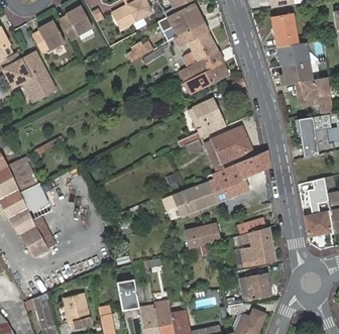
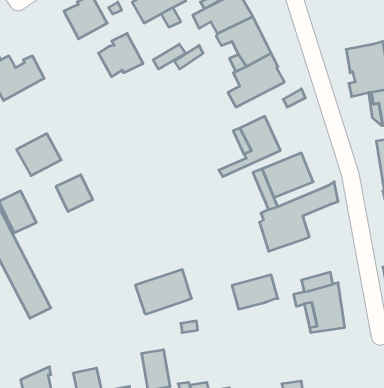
building: [271,15,298,47] -> none
building: [31,20,66,53] -> [98,33,143,77]
building: [21,71,55,103] -> [17,134,61,176]
building: [174,182,217,216] -> [135,270,192,314]
building: [21,184,49,212] -> [56,175,93,211]
building: [243,273,271,300] -> none

